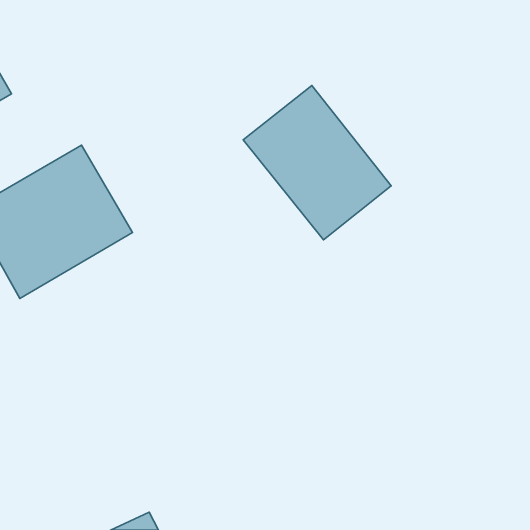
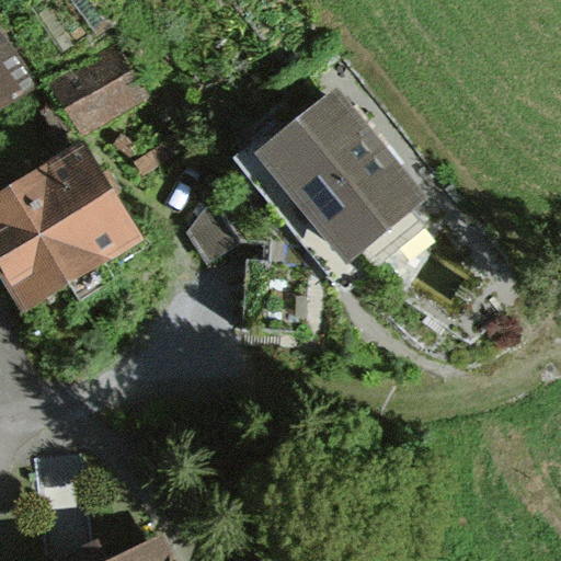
building: none -> [60,47,150,128]

